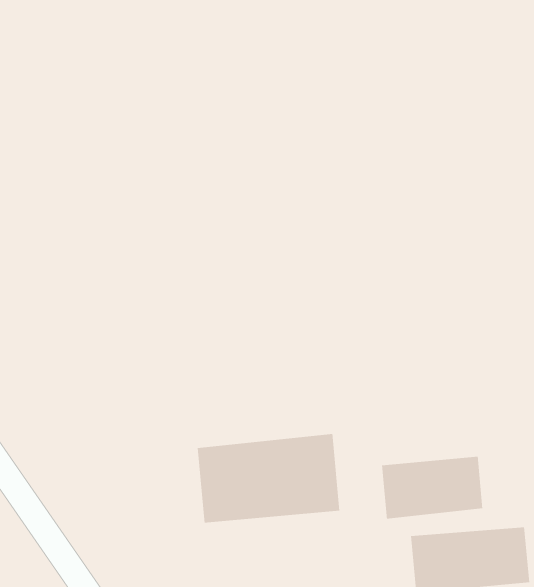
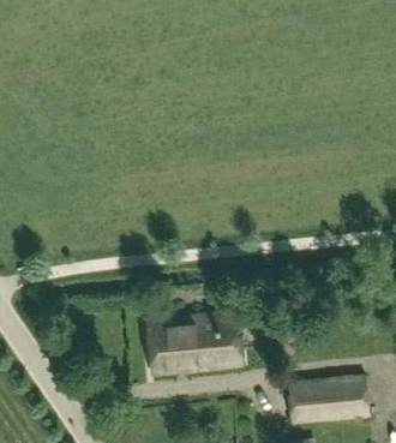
building: [381,456,483,520] -> none

